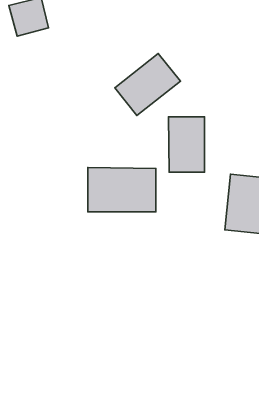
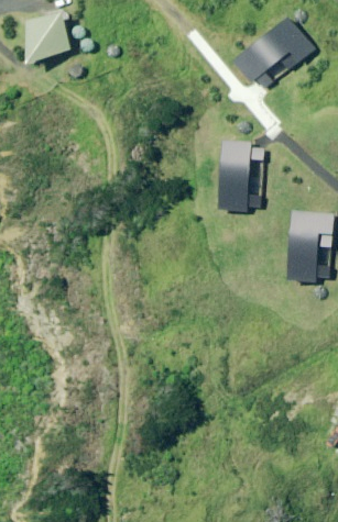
building: [115,53,181,116] -> [232,19,310,92]
building: [88,167,156,212] -> none

